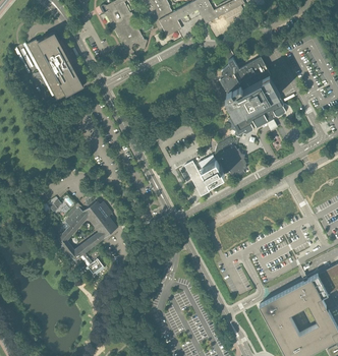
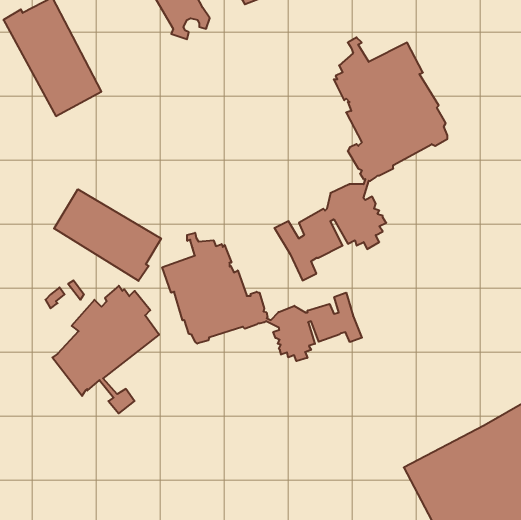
building: none -> [54,189,161,281]
building: none -> [162,233,362,361]

